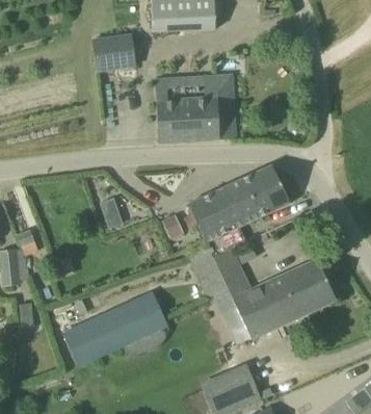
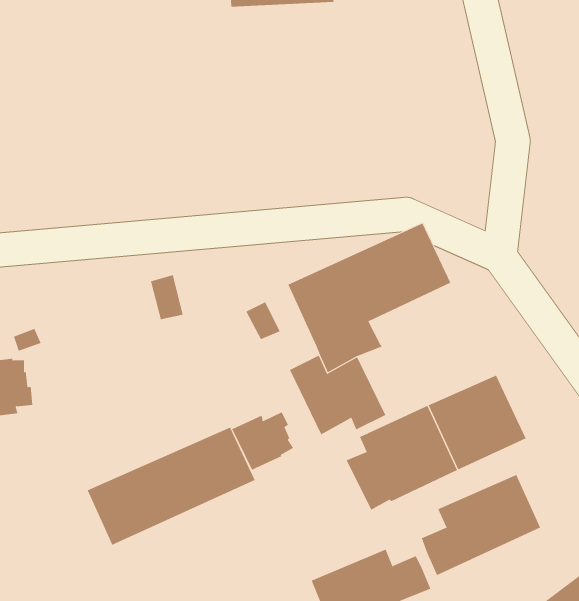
building: [94,34,135,70] -> none
building: [156,74,236,143] -> none
building: none -> [231,411,294,470]
building: none -> [421,474,541,576]

